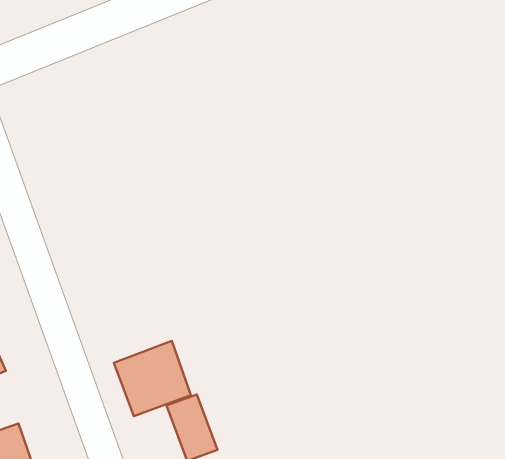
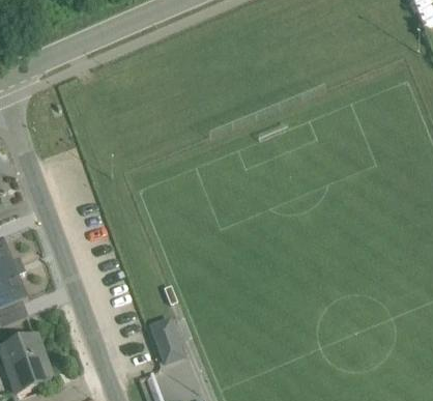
building: [114,341,191,416] -> none

